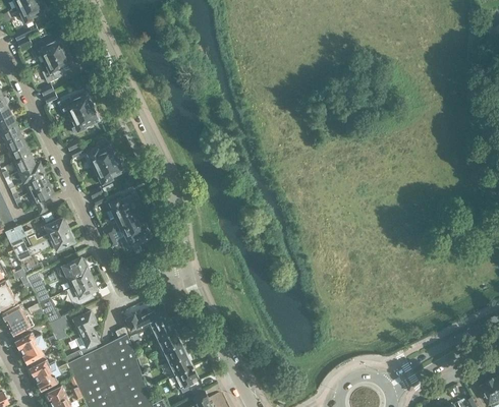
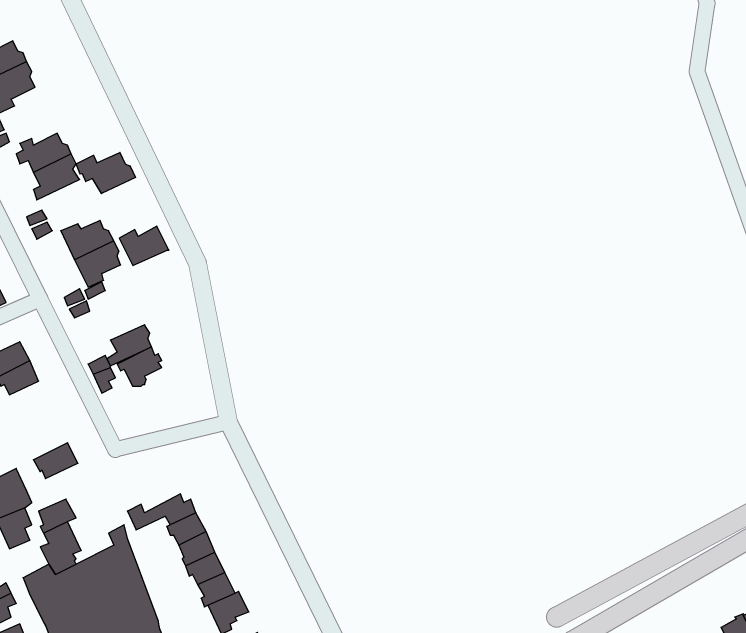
building: none -> [76,152,135,194]
building: [108,193,137,217] -> [119,226,169,266]
building: [60,257,91,288] -> none

